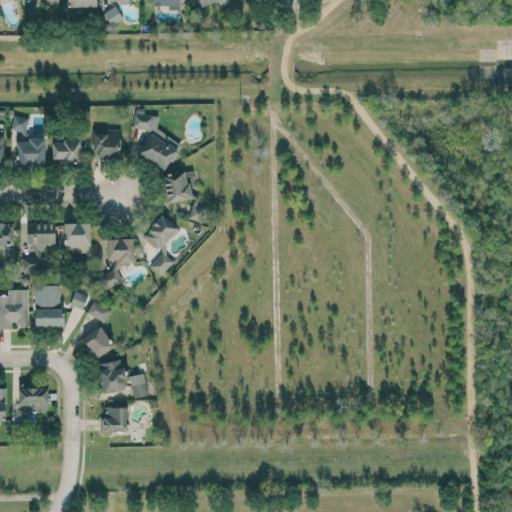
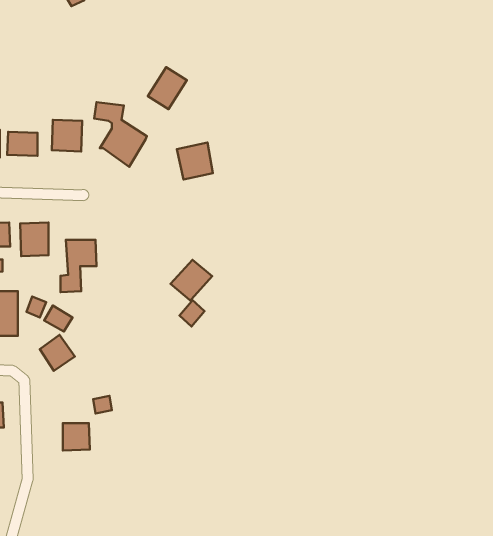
building: none -> [148,67,187,109]
building: [162,170,195,204] -> [177,143,213,180]
building: [142,215,180,276] -> [171,260,212,326]
building: [96,358,129,394] -> none

